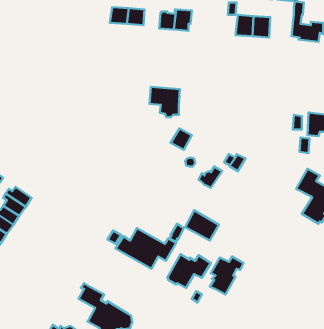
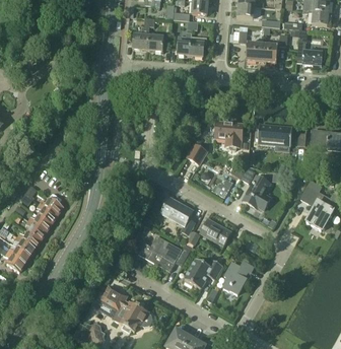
building: [150,87,180,117] -> [215,122,243,149]
building: none -> [257,124,292,152]
building: none -> [243,175,272,210]
building: none -> [159,197,195,234]

